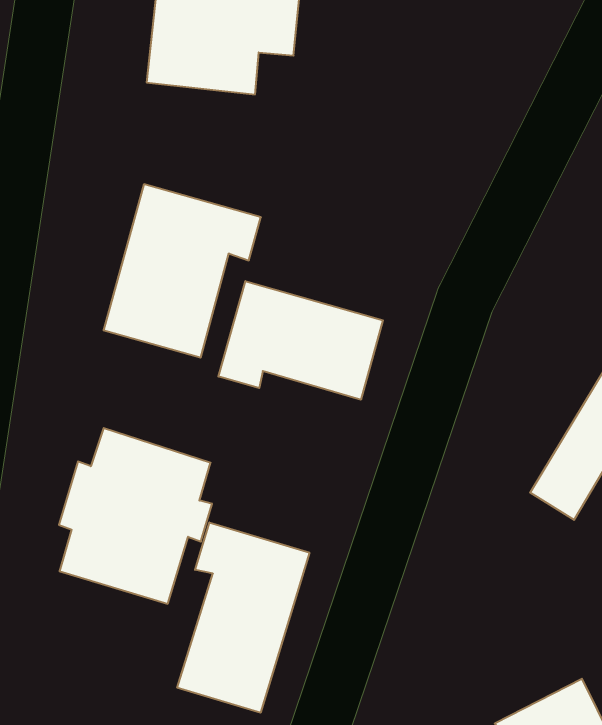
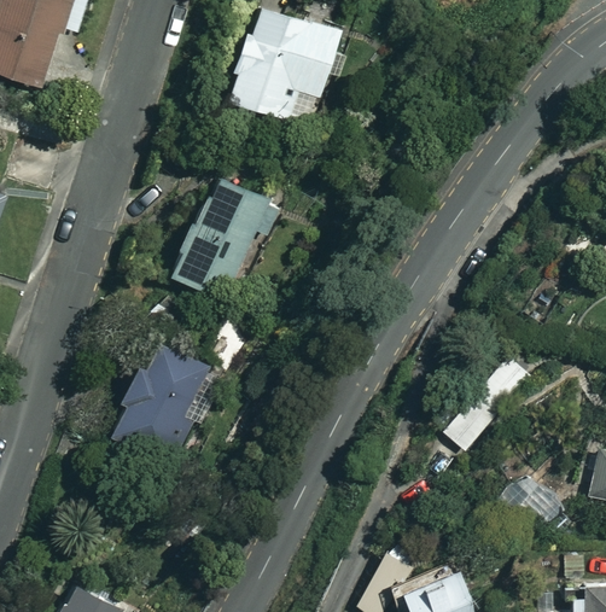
building: [218,281,383,400] -> none
building: [177,522,309,713] -> none

